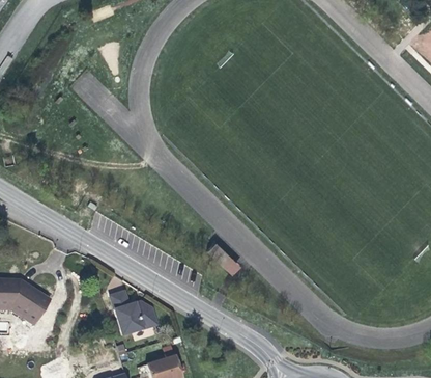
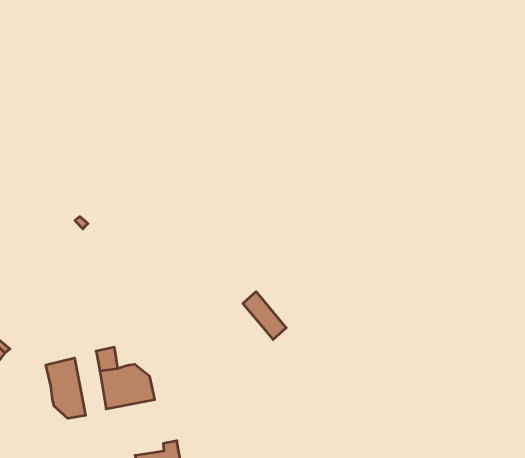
building: none -> [46,358,86,418]

